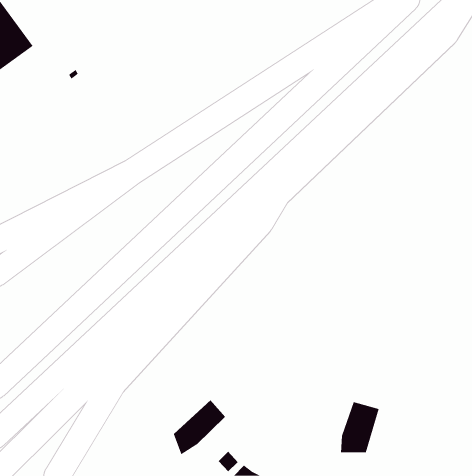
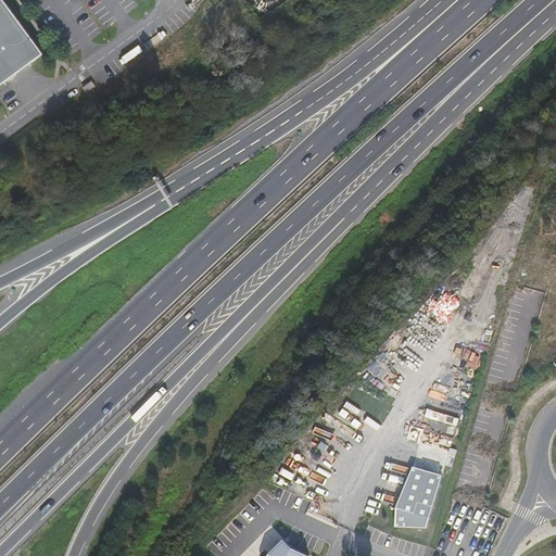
building: [173,400,226,455] -> none

